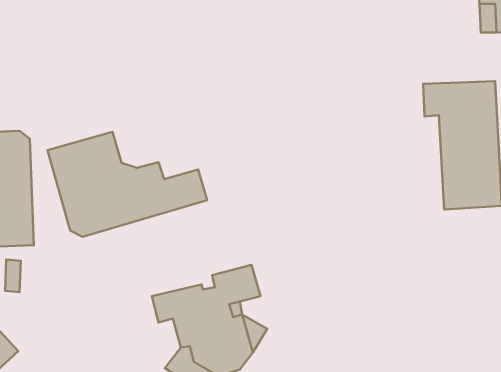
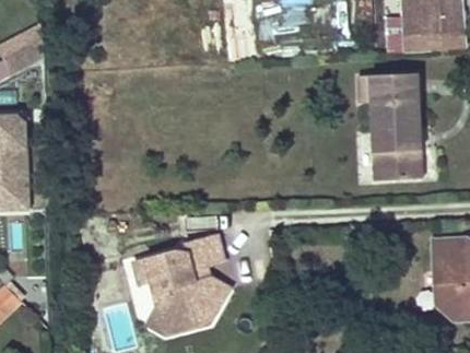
building: [48,132,207,237] -> none

